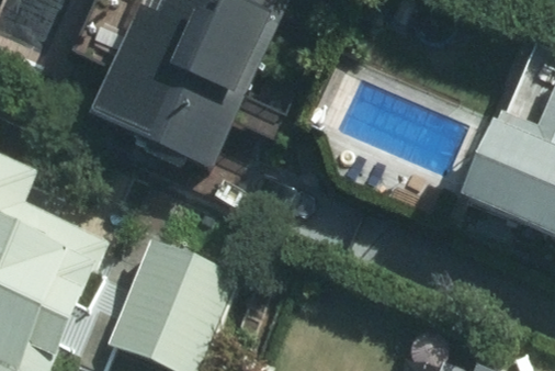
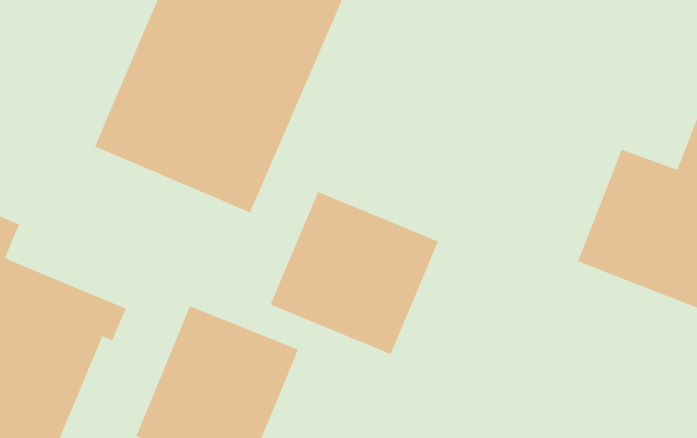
building: none -> [270,191,439,355]

